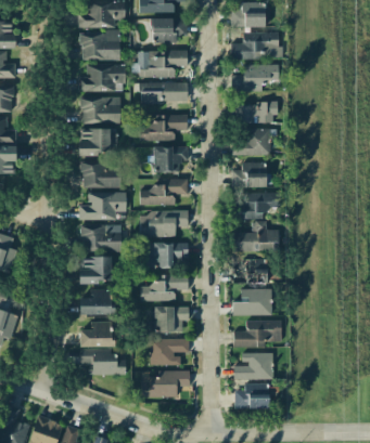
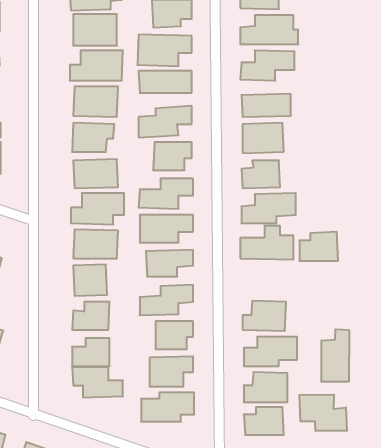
building: [232,258,267,284] -> [299,232,338,261]
building: none -> [321,329,349,382]
building: none -> [299,395,347,431]

